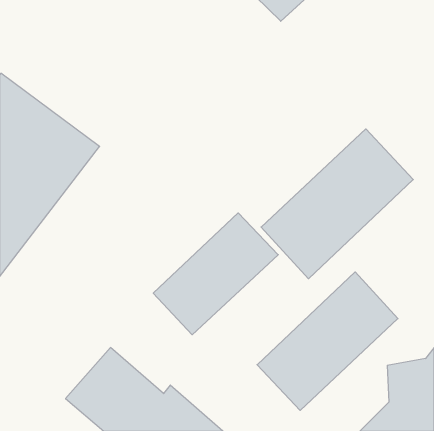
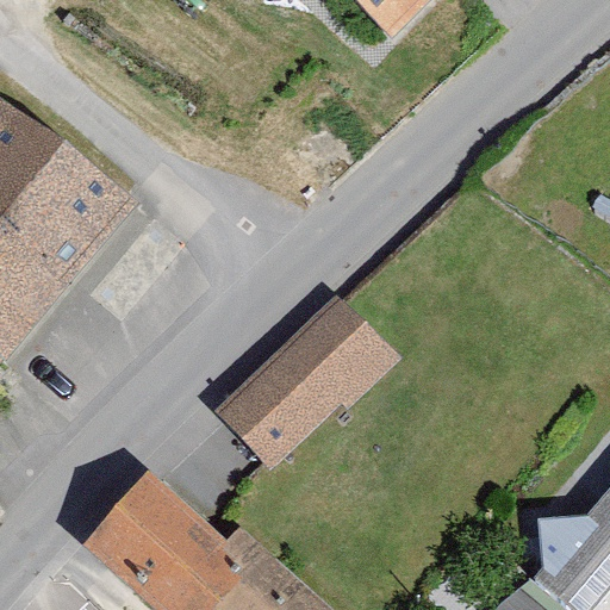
building: [261,129,413,279] -> none
building: [257,272,398,410] -> none

